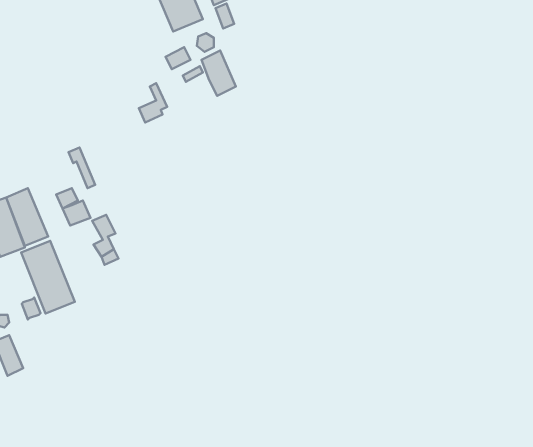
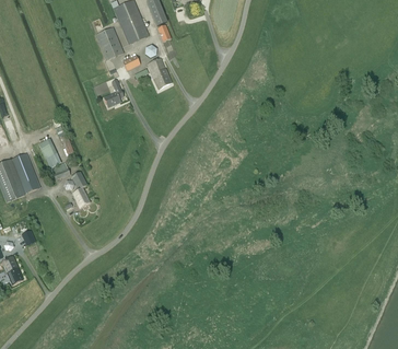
building: none -> [94,26,122,59]
building: [21,241,75,314] -> none

